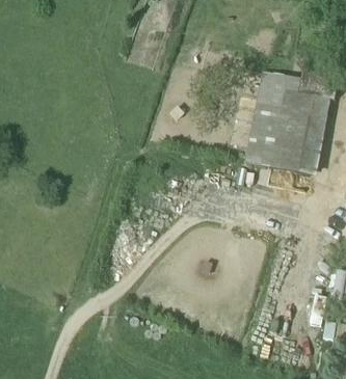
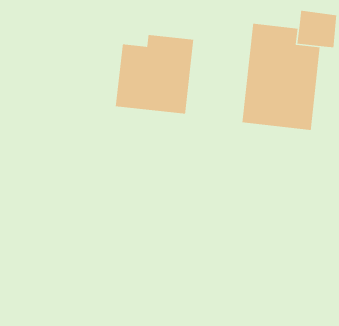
building: none -> [115,34,194,115]

